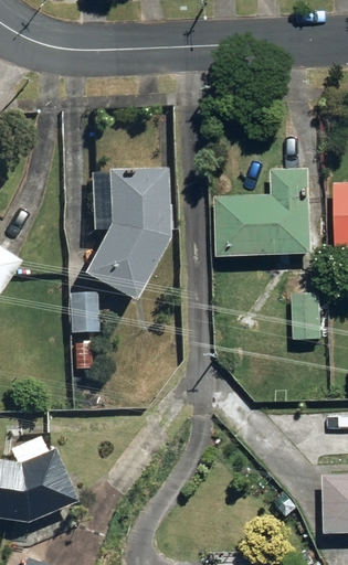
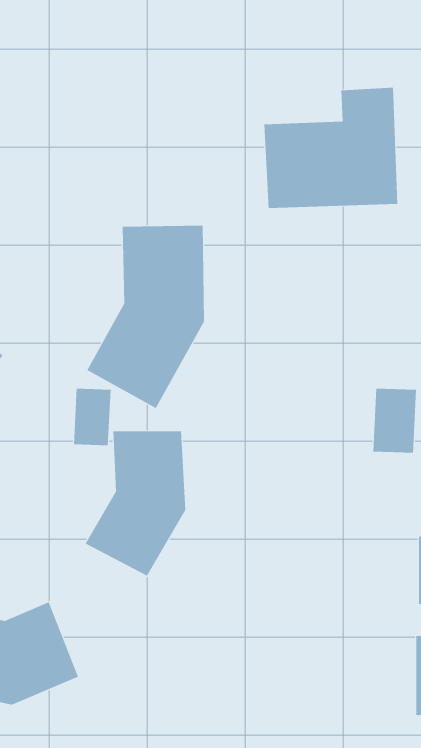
building: [212,168,313,258] -> [263,87,398,209]
building: none -> [85,431,186,577]

